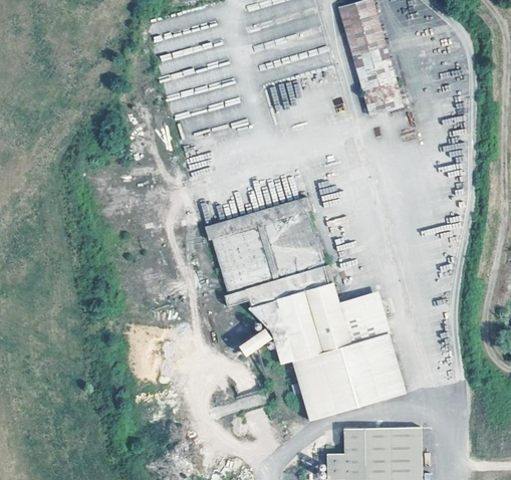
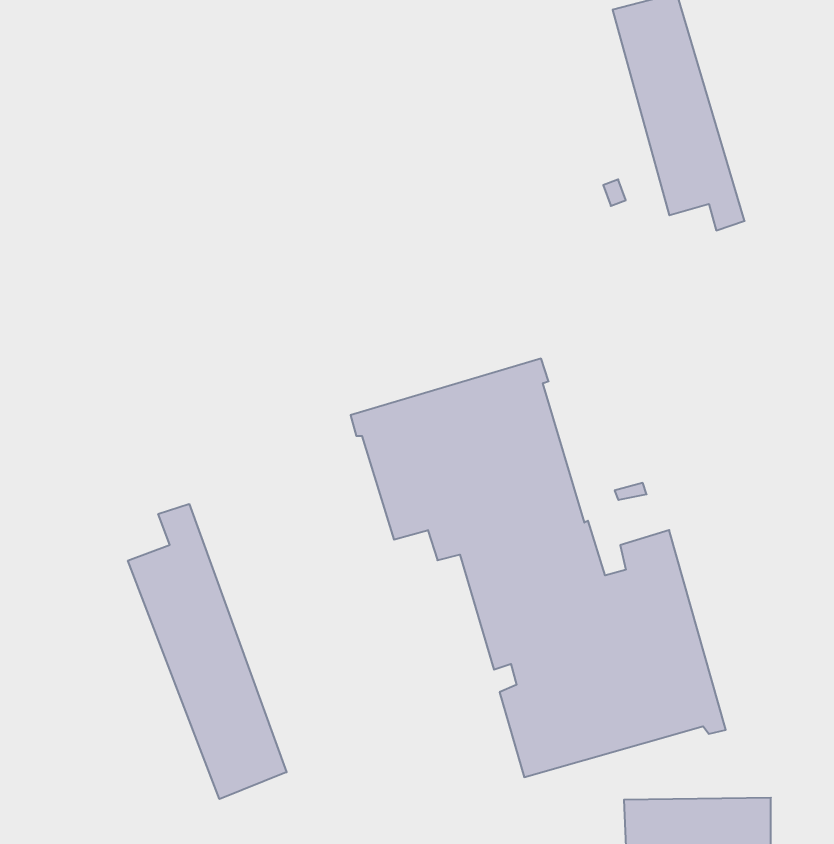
building: none -> [128,504,287,799]

